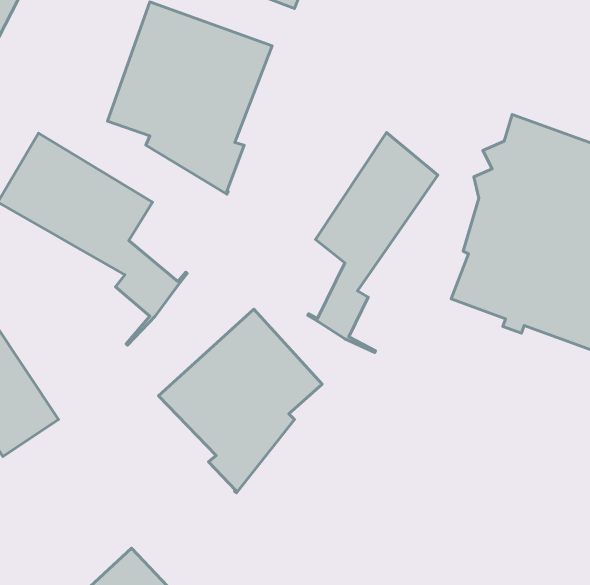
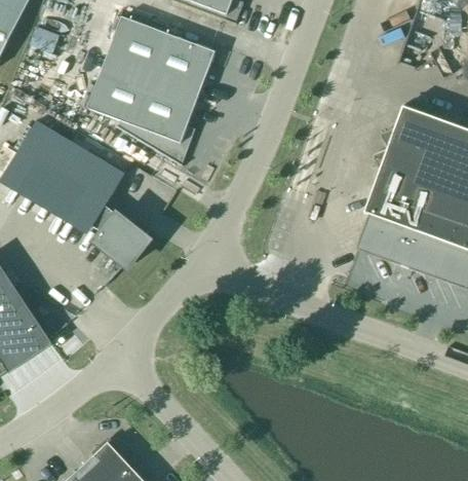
building: [308,133,438,353] -> none
building: [158,309,322,493] -> none

